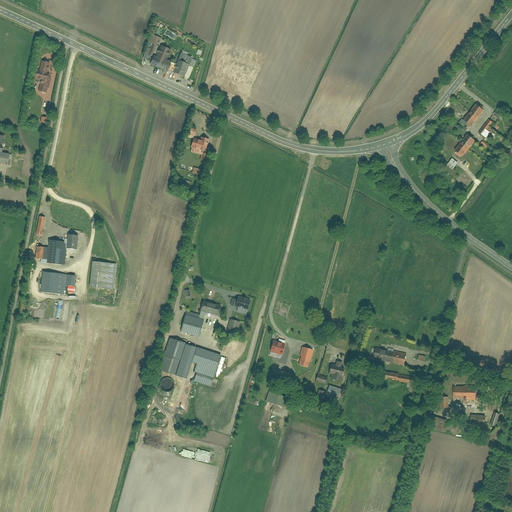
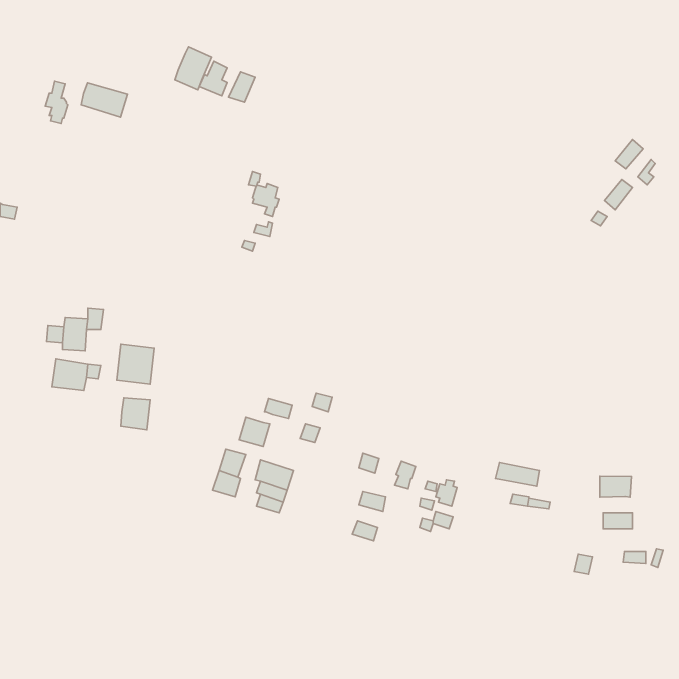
building: none -> [175,47,212,90]
building: none -> [81,83,127,117]
building: none -> [121,398,150,430]
building: none -> [600,476,631,497]

